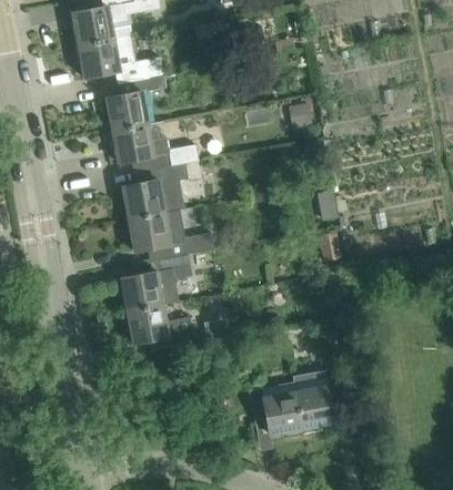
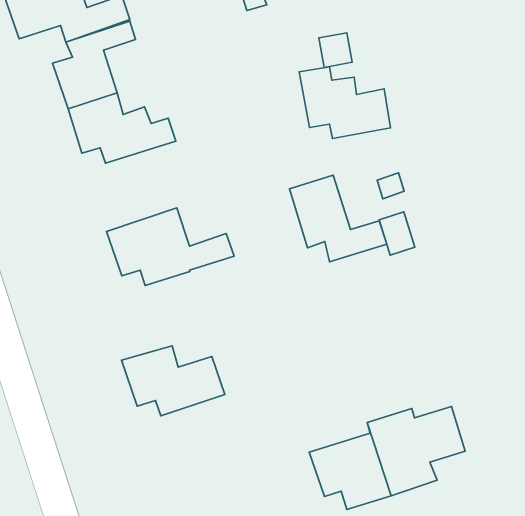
building: none -> [299,67,390,139]
building: [122,163,188,220] -> none
building: none -> [290,175,387,262]
building: [121,255,184,310] -> none

